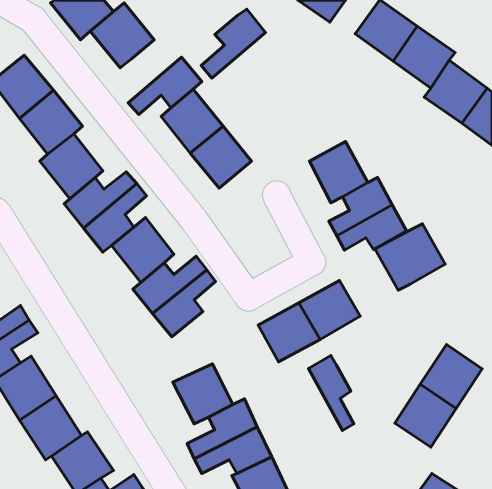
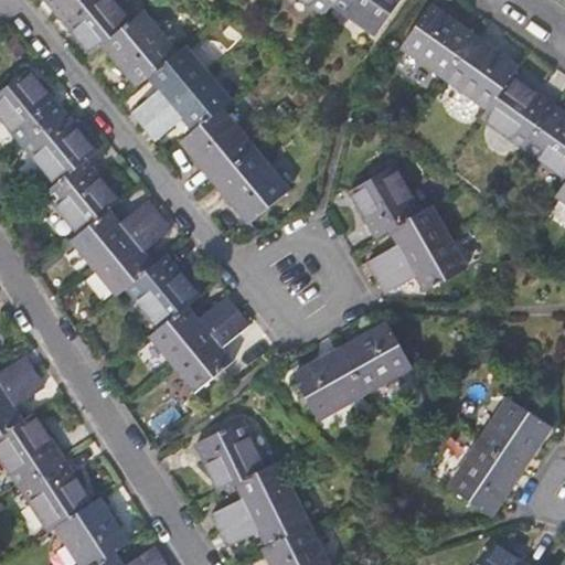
building: [201,9,265,78] -> [134,46,206,125]
building: [375,224,445,290] -> none
building: [309,356,354,431] -> none

